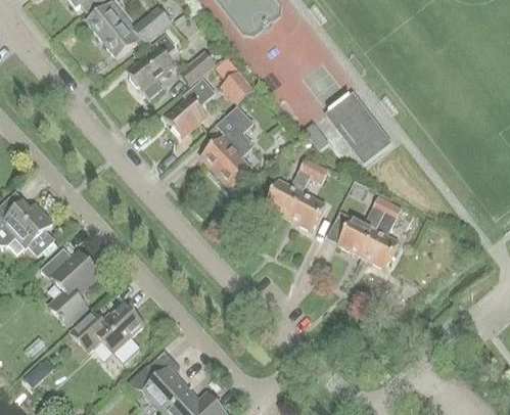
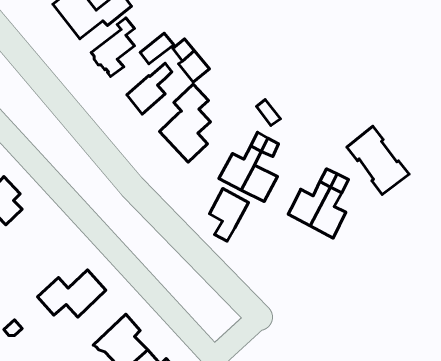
building: [325,91,391,164] -> [347,126,409,194]
building: none -> [209,188,248,241]
building: [40,246,99,328] -> none

